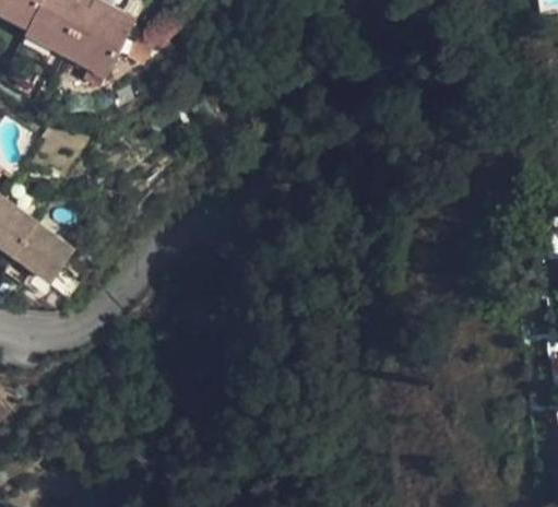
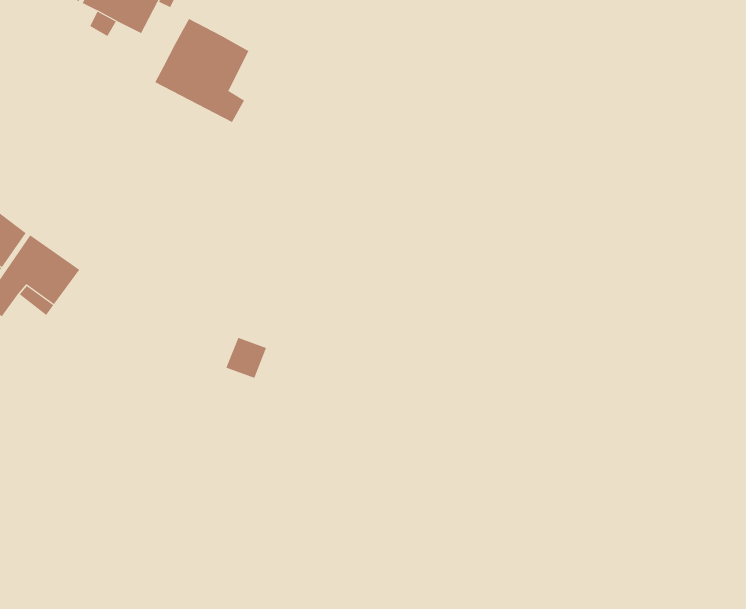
building: none -> [154,18,250,123]

